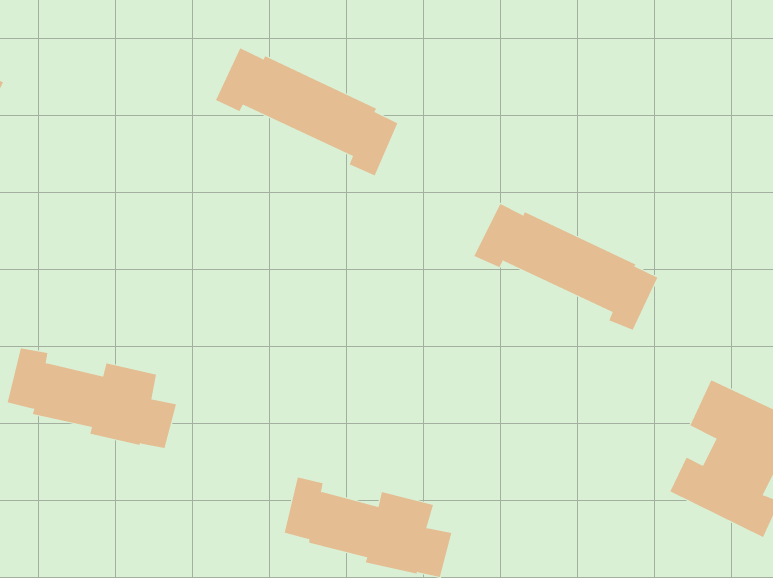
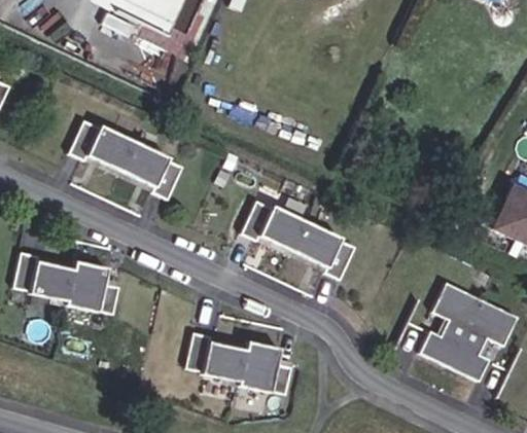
building: [215,47,398,176] -> [69,120,183,201]
building: [473,203,658,330] -> [241,201,356,280]

